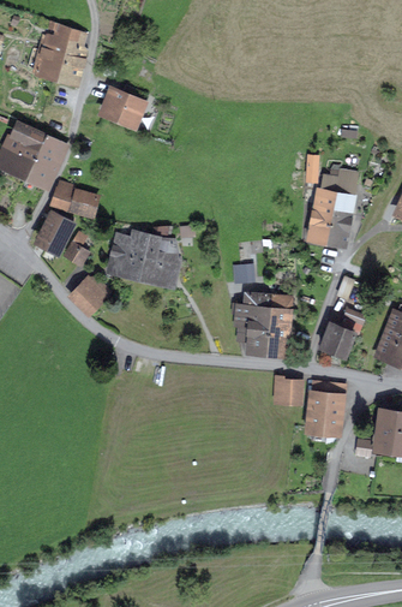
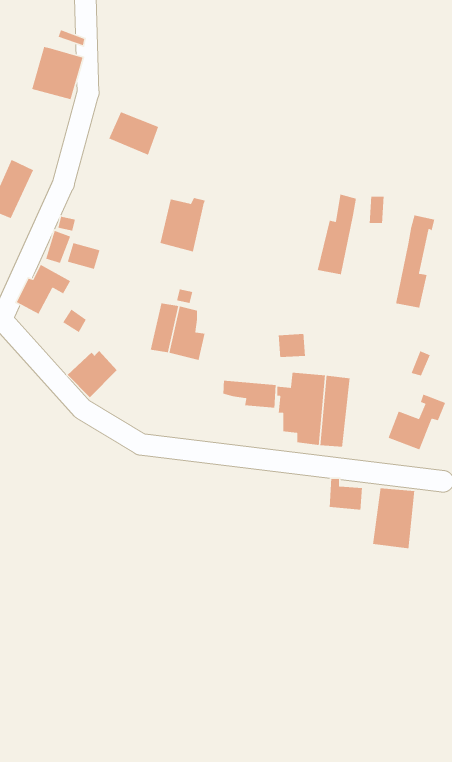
building: [26,137,64,185] -> none
building: [306,178,337,242] -> [317,193,357,275]
building: [108,234,144,278] -> [160,197,206,253]
building: none -> [222,380,277,409]

